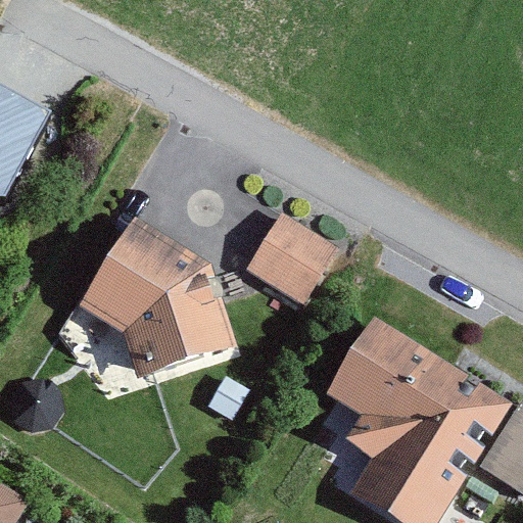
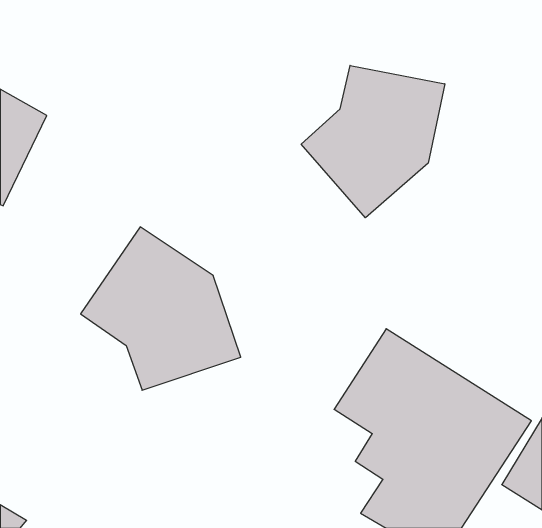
building: none -> [301,65,445,218]
building: [246,213,339,305] -> none

